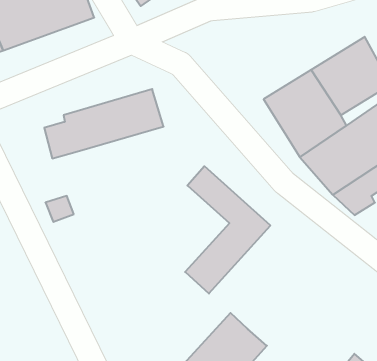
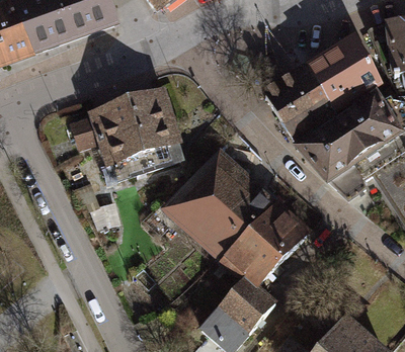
building: none -> [101,115,189,175]
building: none -> [160,168,237,245]
building: none -> [219,203,308,295]

